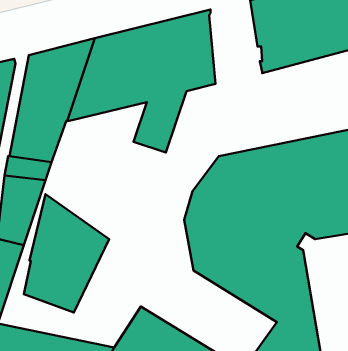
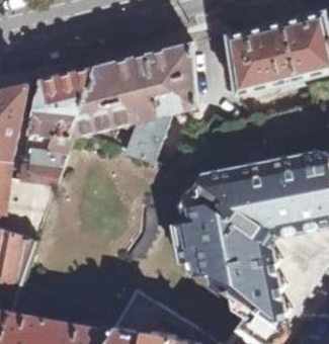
building: [24,194,109,312] -> none

